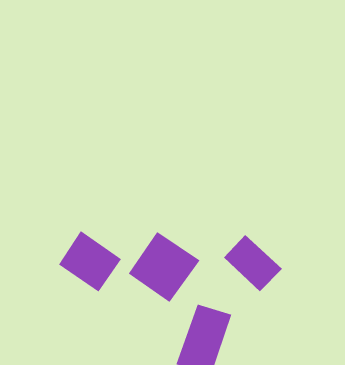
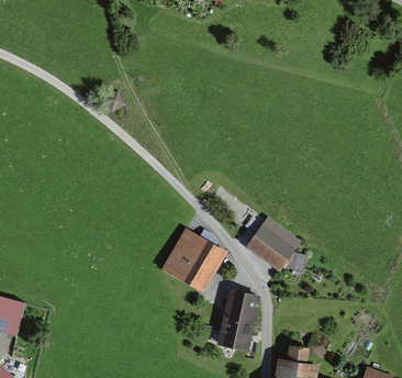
building: [58,230,122,293] -> none

